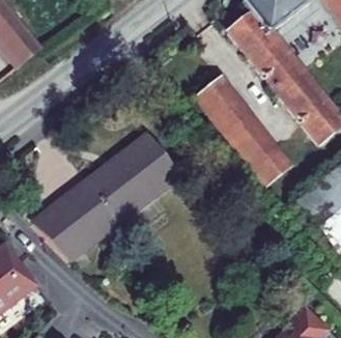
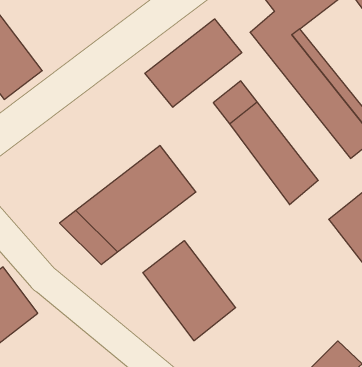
building: none -> [145,19,242,107]
building: [33,202,95,258] -> none
building: none -> [143,241,236,341]

